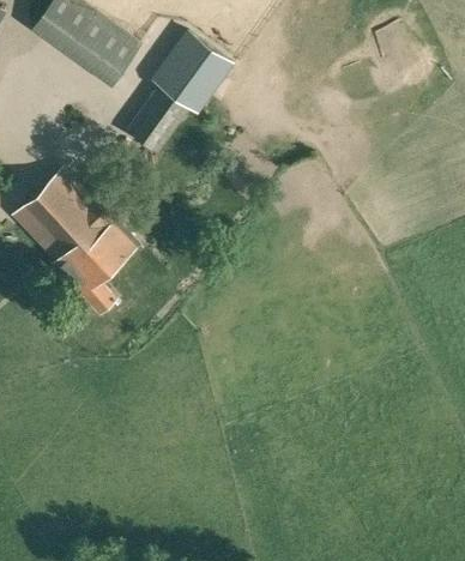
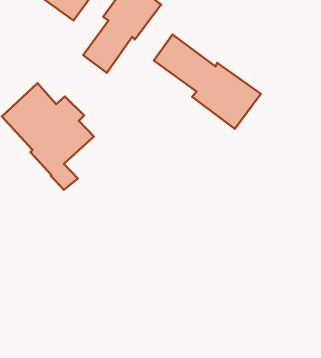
building: none -> [154,34,261,129]

